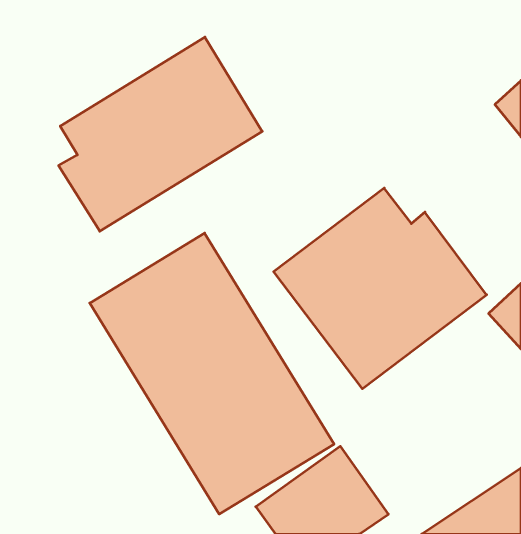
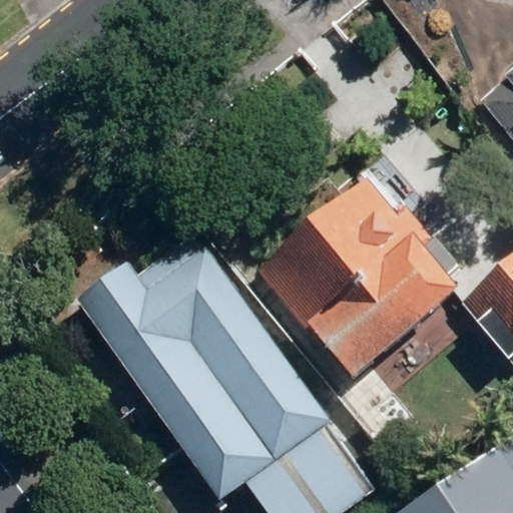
building: [59,37,262,231] -> none

